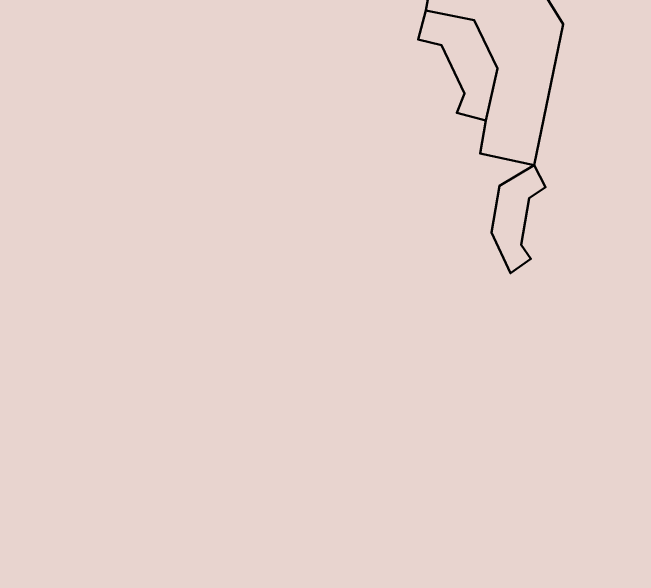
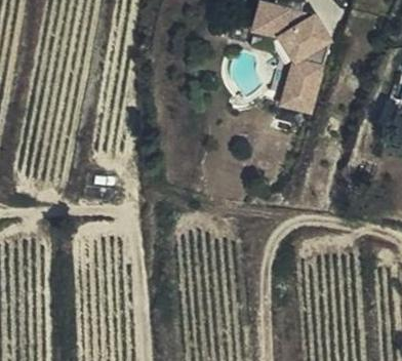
building: [491,165,546,273] -> none

